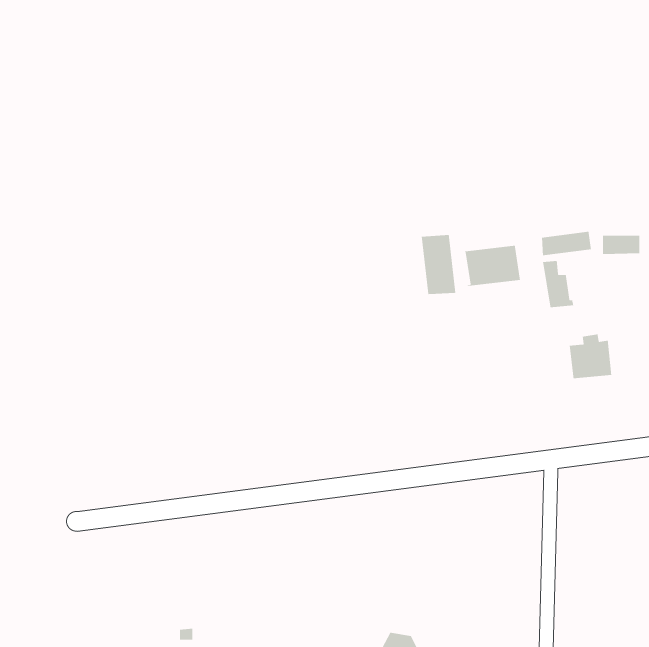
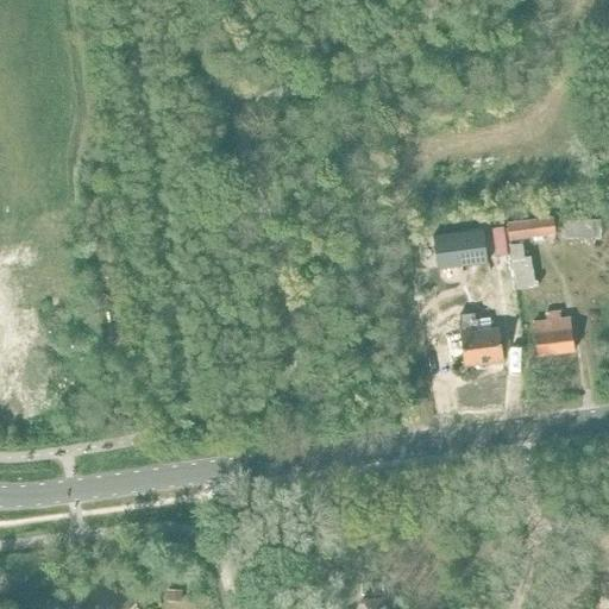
building: [421,234,457,300] -> none
building: none -> [458,314,503,365]

